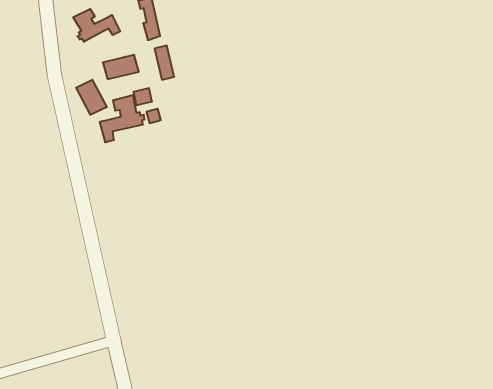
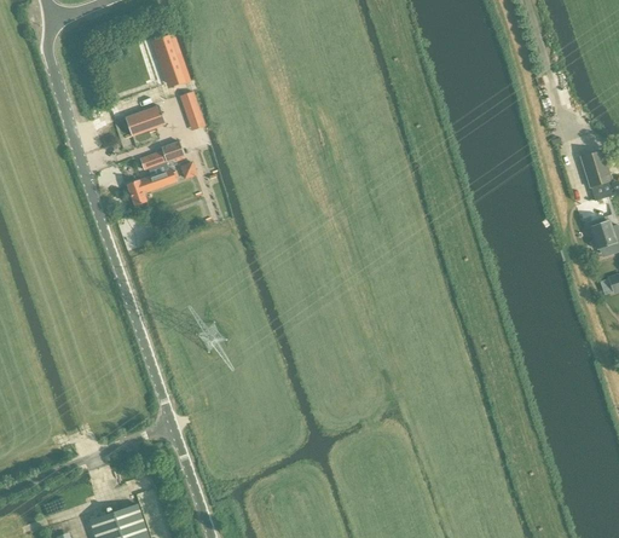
building: [73,9,120,42] -> none
building: [76,80,107,115] -> none

